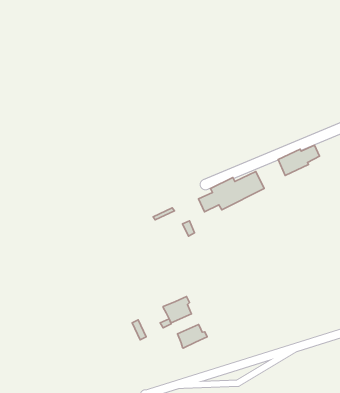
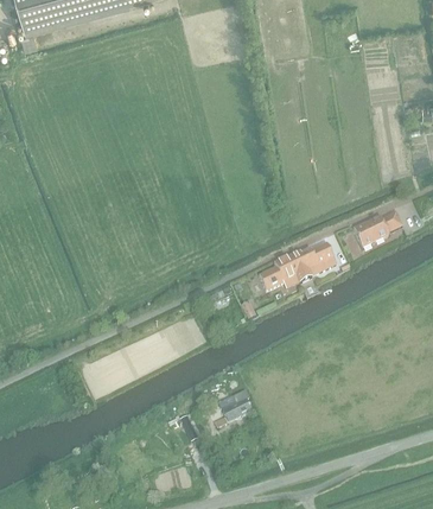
building: [178,325,207,348] -> none

